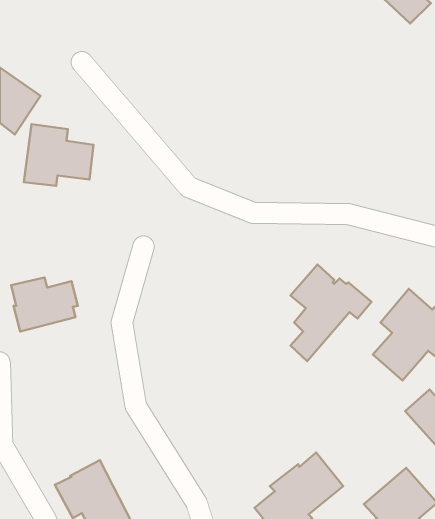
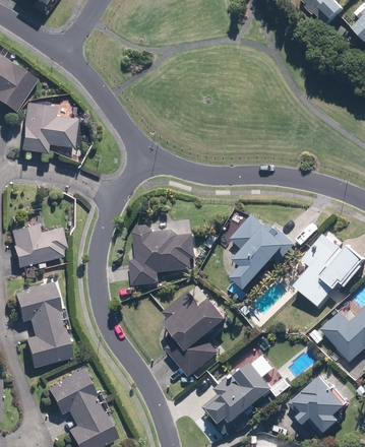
building: none -> [130,226,195,284]
building: none -> [13,283,69,367]
building: none -> [163,292,224,376]

